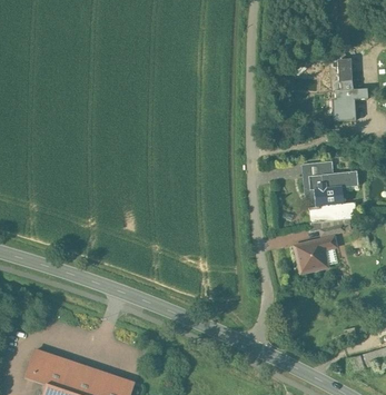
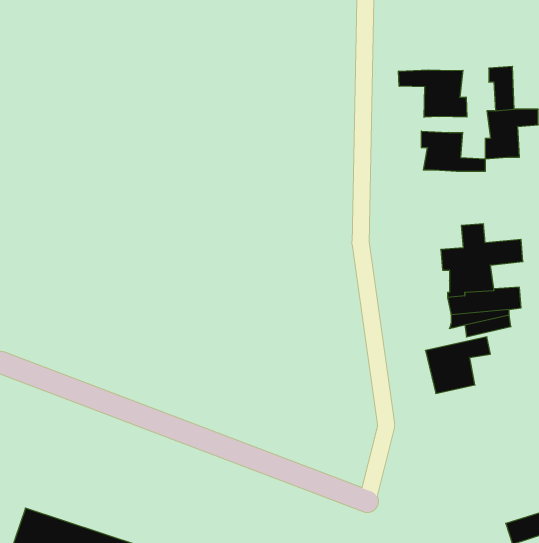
building: none -> [399,70,467,117]
building: none -> [421,131,485,171]

